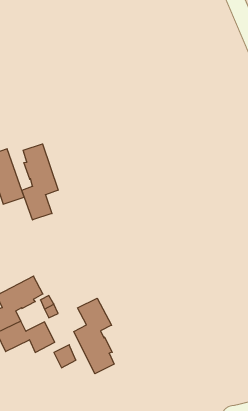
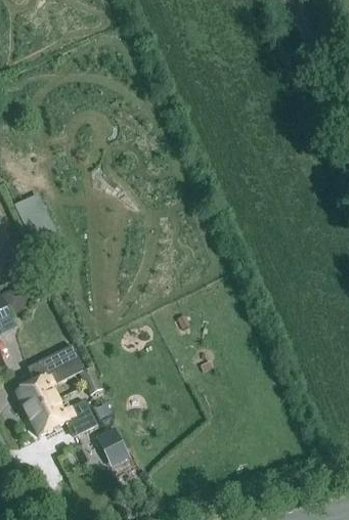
building: [22,144,58,220] -> none
building: [74,298,114,374] -> none

